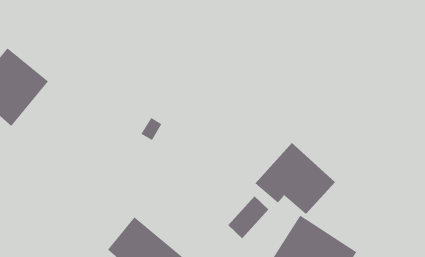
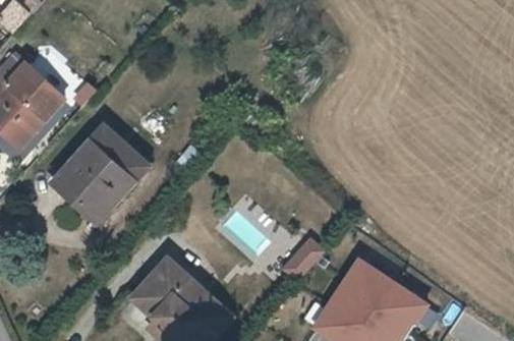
building: none -> [55,128,146,220]
building: [255,142,336,215] -> none

